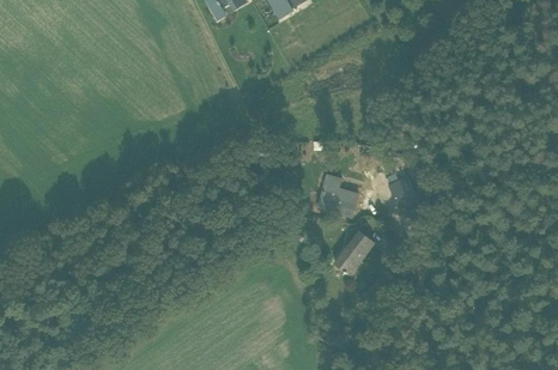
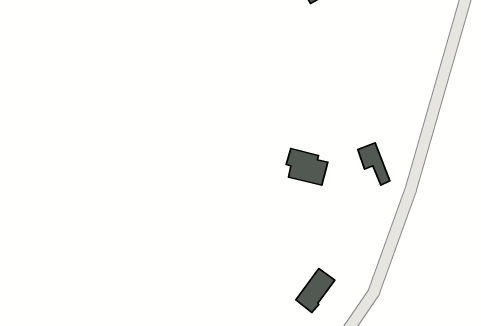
building: [334,230,375,275] -> [296,269,335,312]

